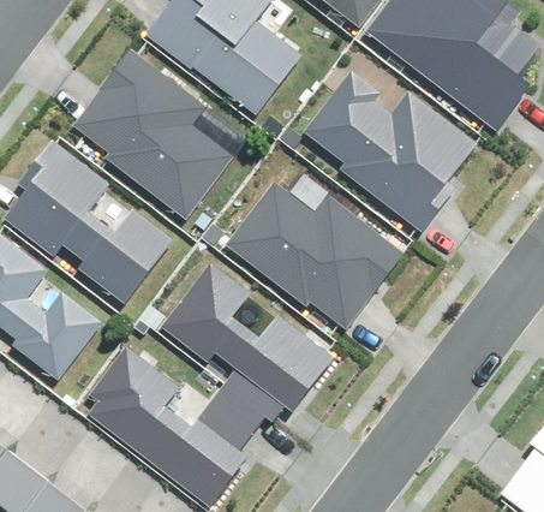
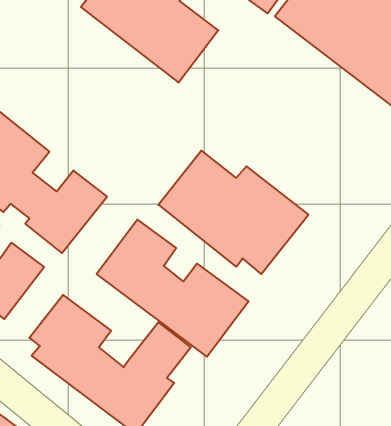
building: [71,49,233,220] -> none
building: [301,69,477,226] -> none

